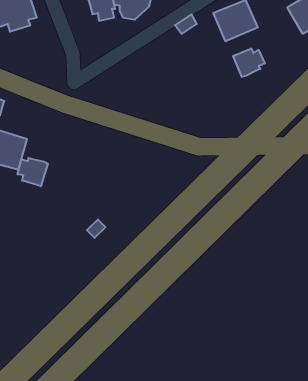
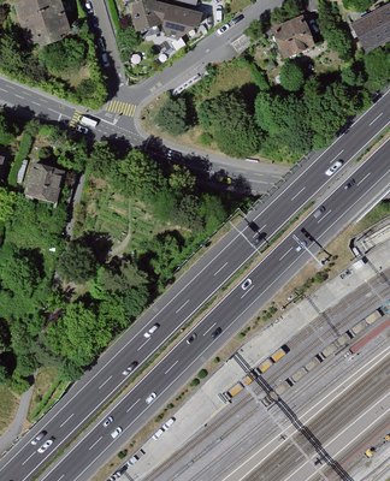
building: [233,48,265,77] -> none
building: [17,158,48,186] -> none

